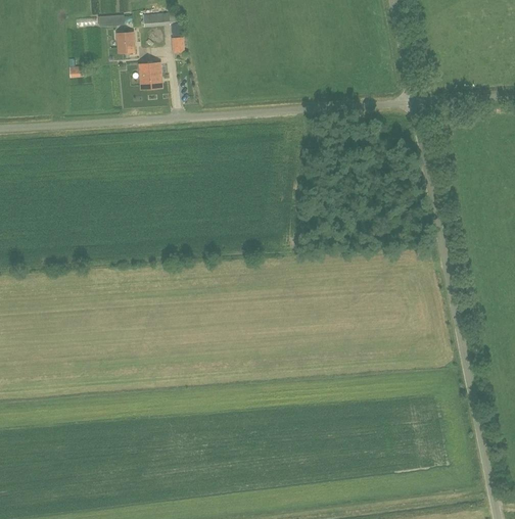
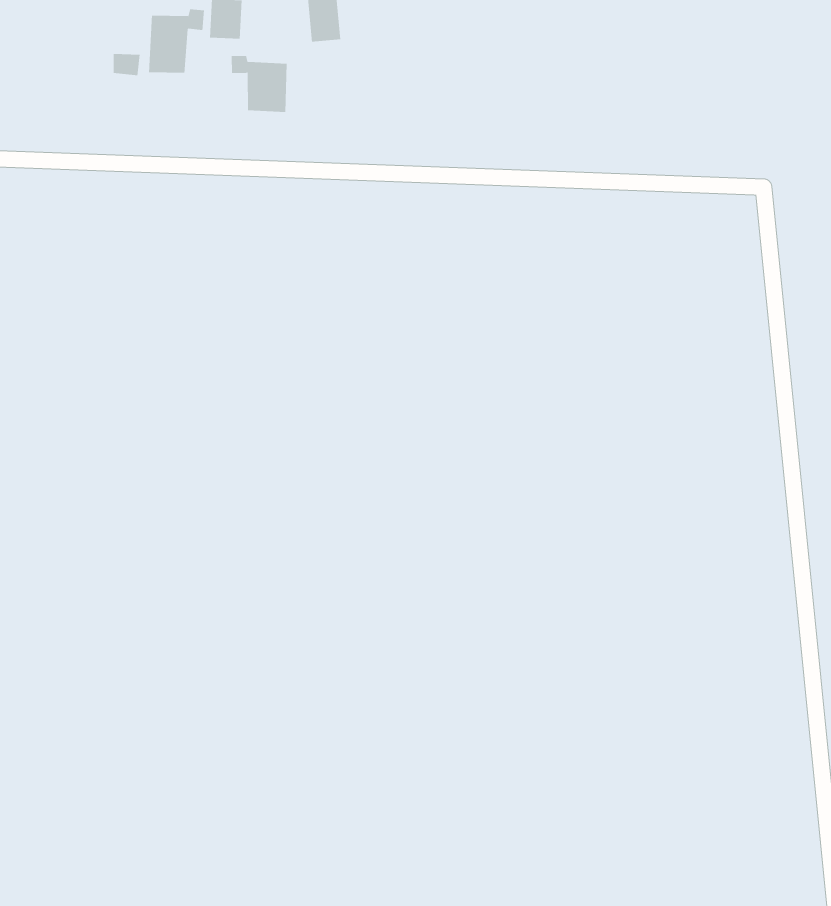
building: none -> [149,8,204,73]

